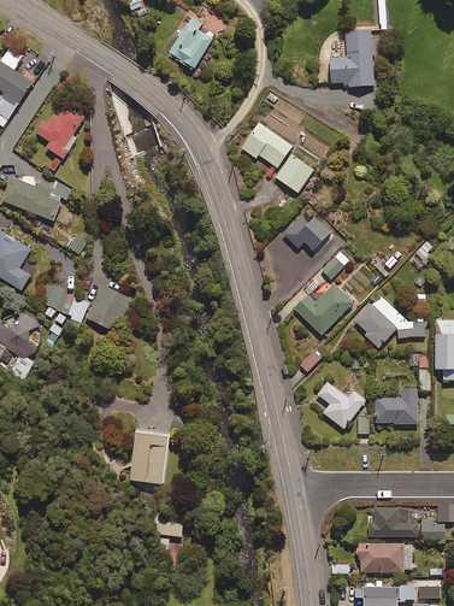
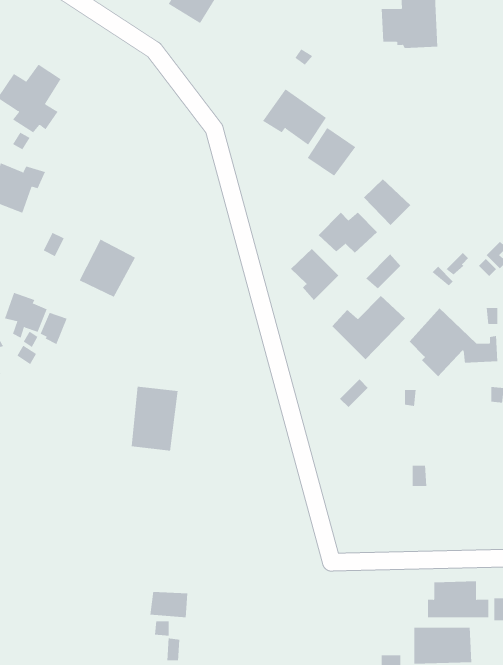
building: none -> [363,179,411,226]
building: none -> [290,248,339,301]
building: [86,284,130,330] -> [79,239,136,297]
building: [317,382,365,429] -> none
building: [375,387,417,424] -> none
building: [129,431,166,482] -> [131,386,179,451]

